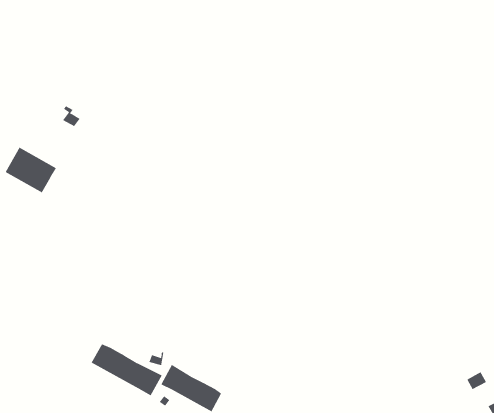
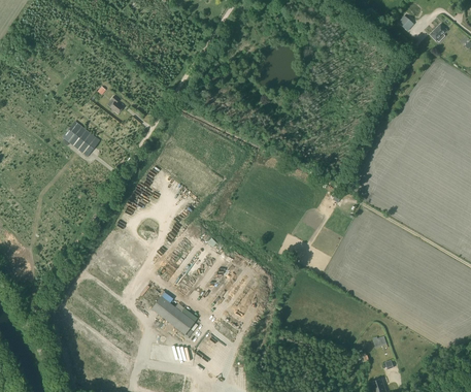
building: [91,344,163,396] -> none

